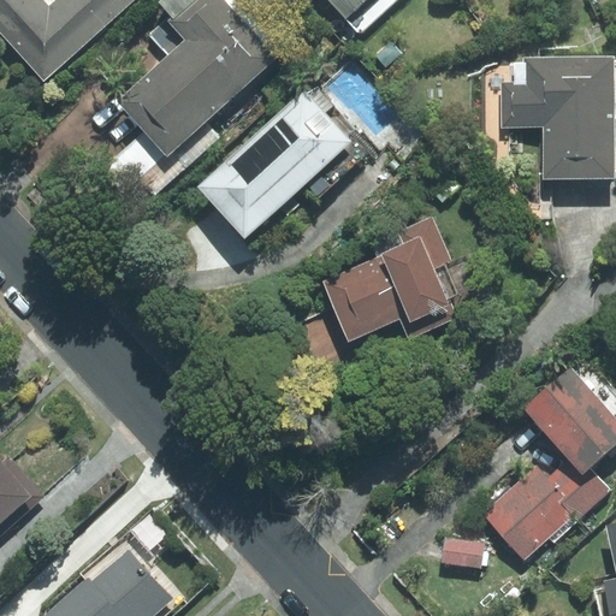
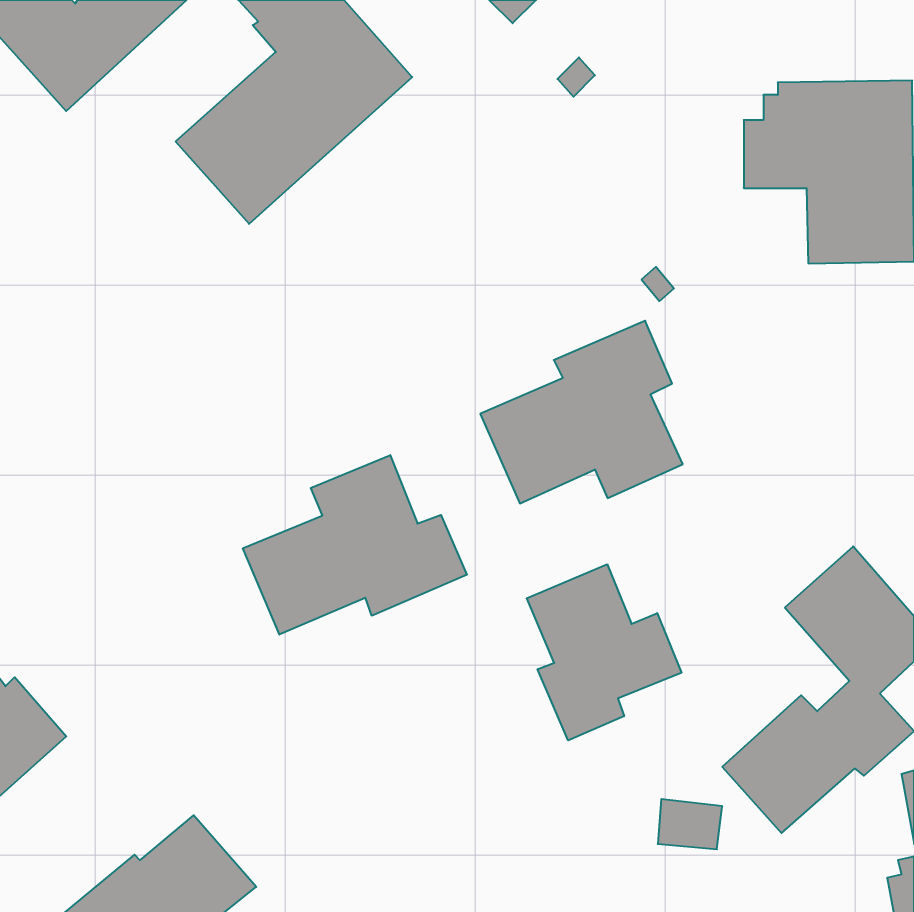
building: [199,87,353,237] -> none
building: none -> [243,455,467,635]
building: none -> [527,564,681,740]

